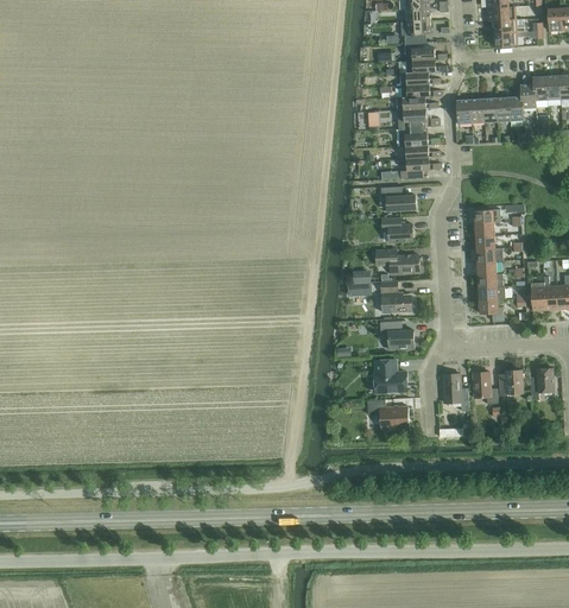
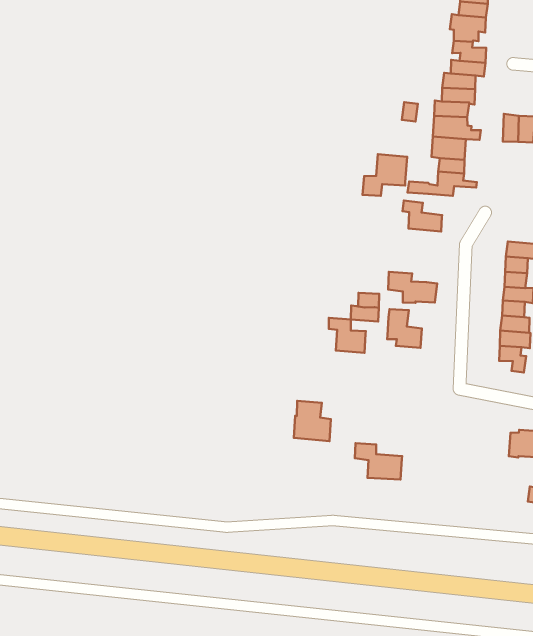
building: none -> [362,154,407,196]
building: [381,216,412,242] -> none
building: [379,321,413,349] -> [329,318,366,353]
building: [374,359,406,392] -> [294,401,331,441]
building: [472,370,498,404] -> none
building: [442,373,469,411] -> none

